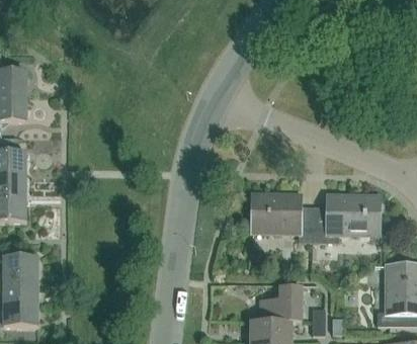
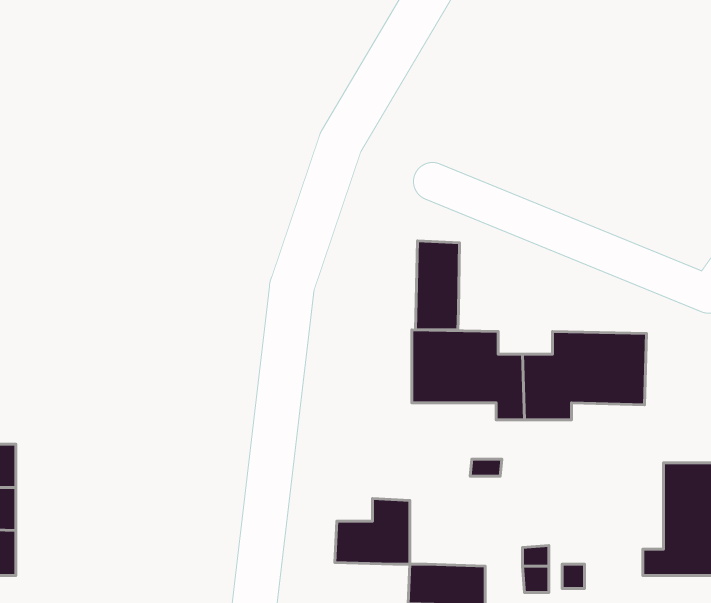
building: none -> [416,241,460,330]
building: [259,285,300,321] -> [335,499,410,564]

